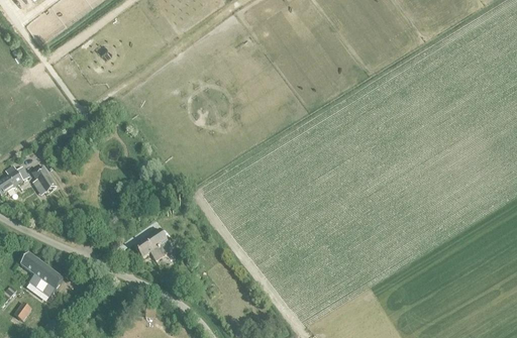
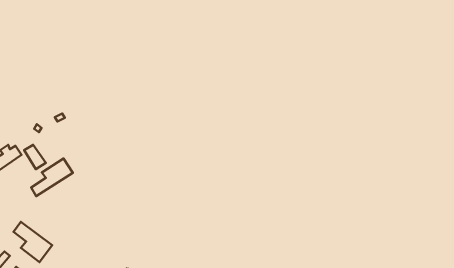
building: none -> [31,158,73,196]
building: [132,228,171,259] -> none

